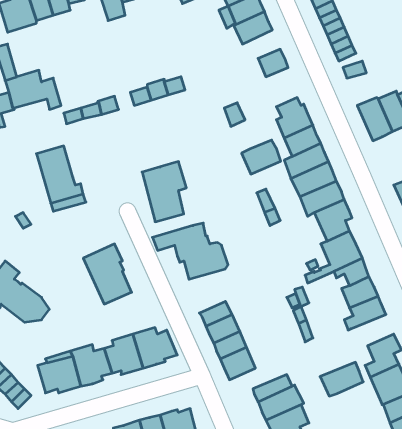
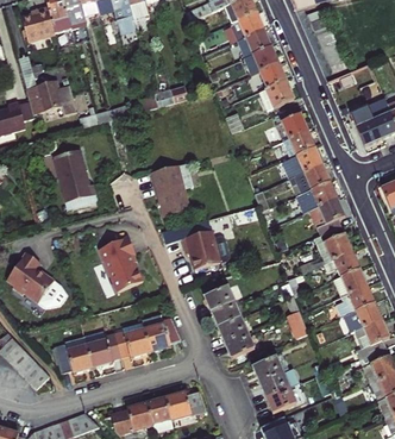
building: none -> [242,42,277,71]
building: [242,140,281,174] -> [257,76,293,107]
building: [320,362,363,396] -> [341,301,381,332]

